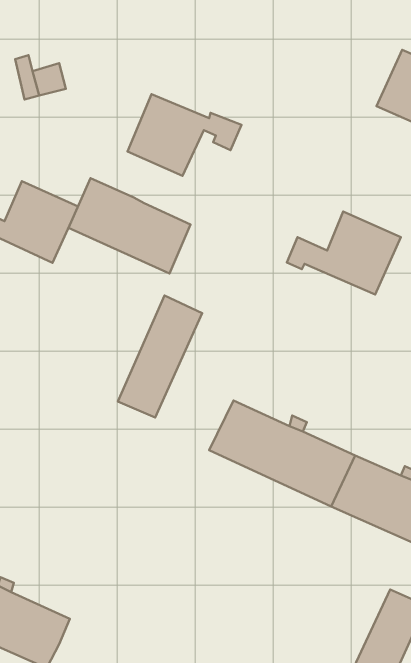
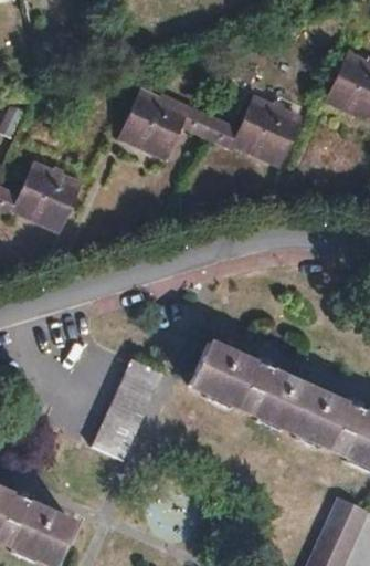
building: [69,178,190,273] -> none
building: [287,212,401,295] -> [207,95,300,164]
building: [118,296,202,417] -> [92,359,161,460]

